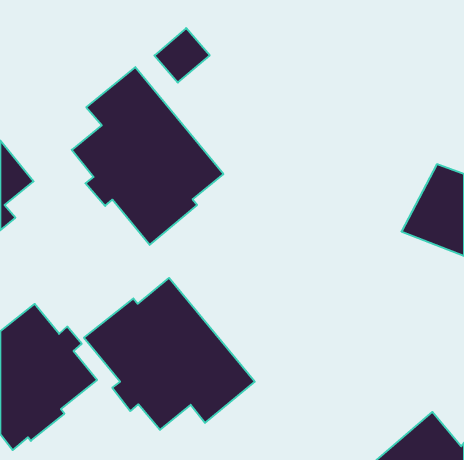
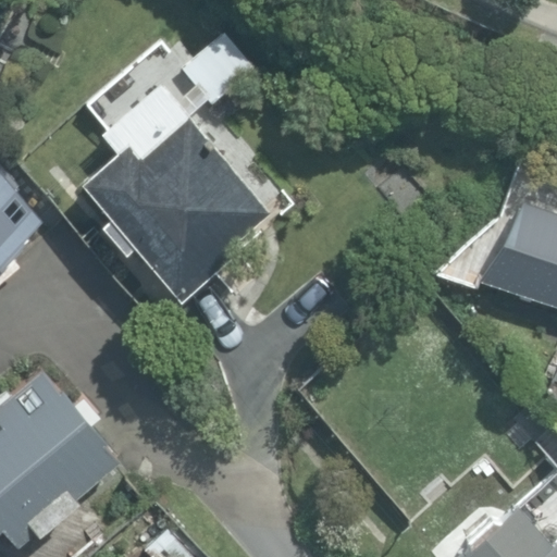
building: [84,278,255,430] -> none

